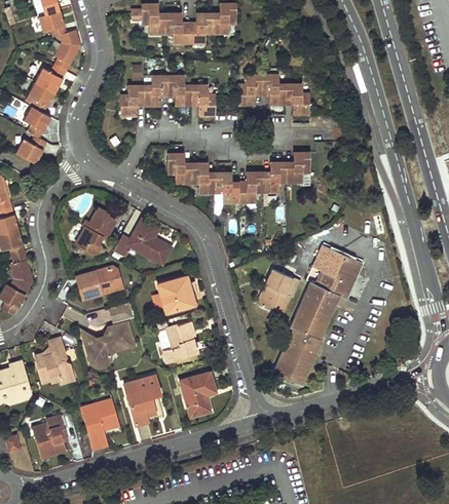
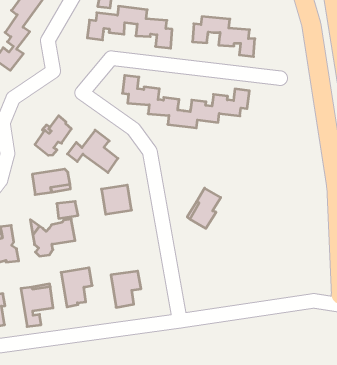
building: [272,246,362,385] -> none
building: [162,322,196,362] -> none

